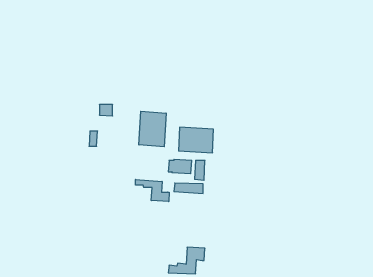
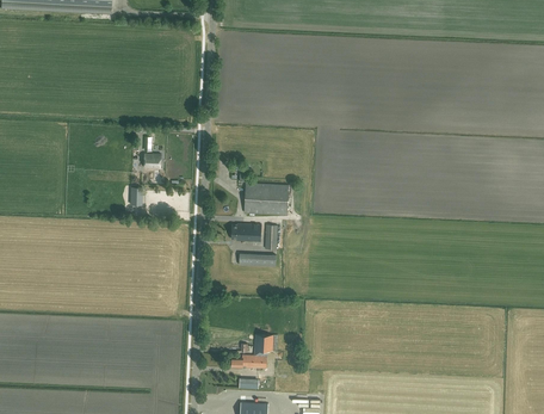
building: [139,111,166,147] -> none
building: [136,179,169,202] -> none

